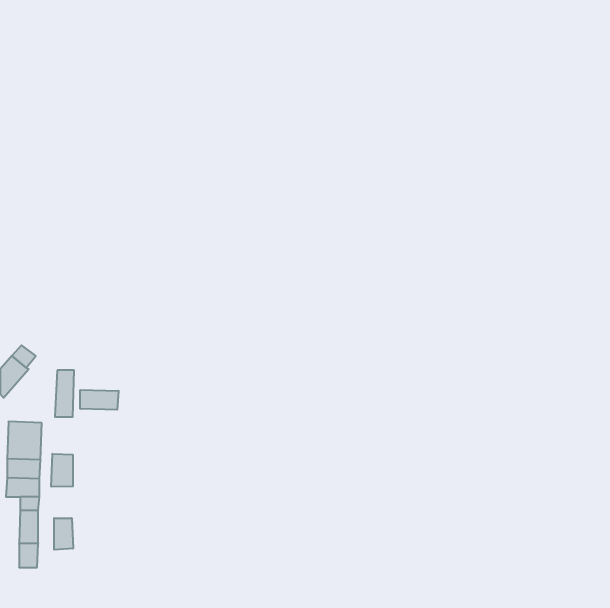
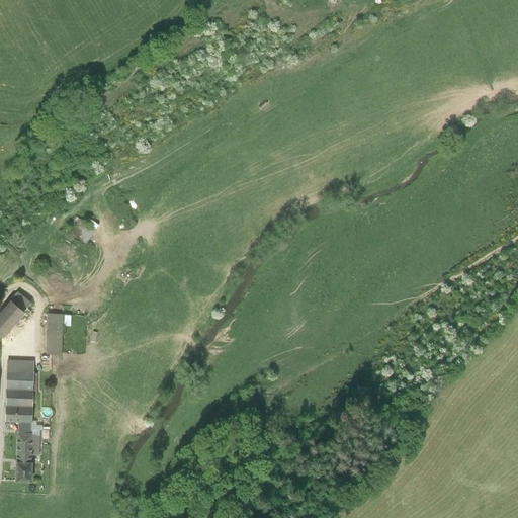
building: [80,390,119,410] -> none
building: [51,454,73,487] -> none
building: [54,518,73,550] -> none

